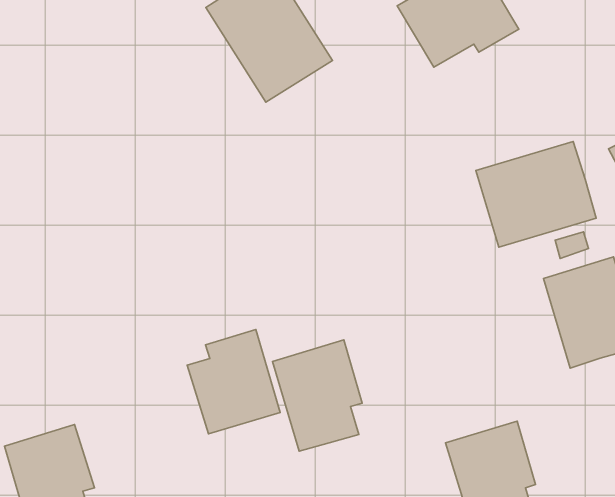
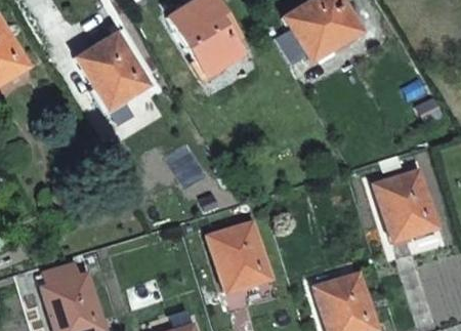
building: none -> [78,34,141,108]
building: [476,142,596,247] -> none
building: [187,330,280,434] -> none

